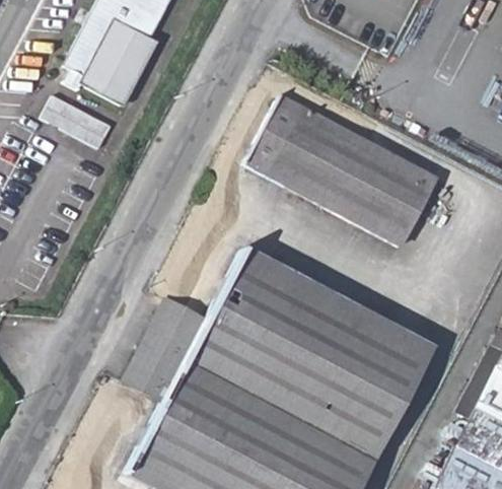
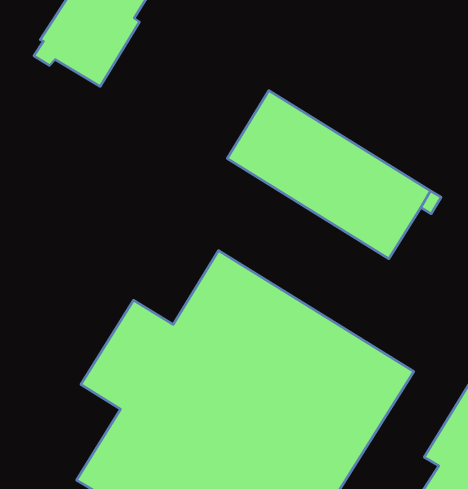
building: [46,96,115,150] -> none

